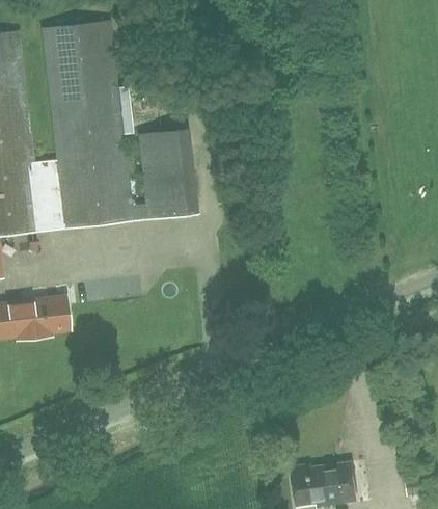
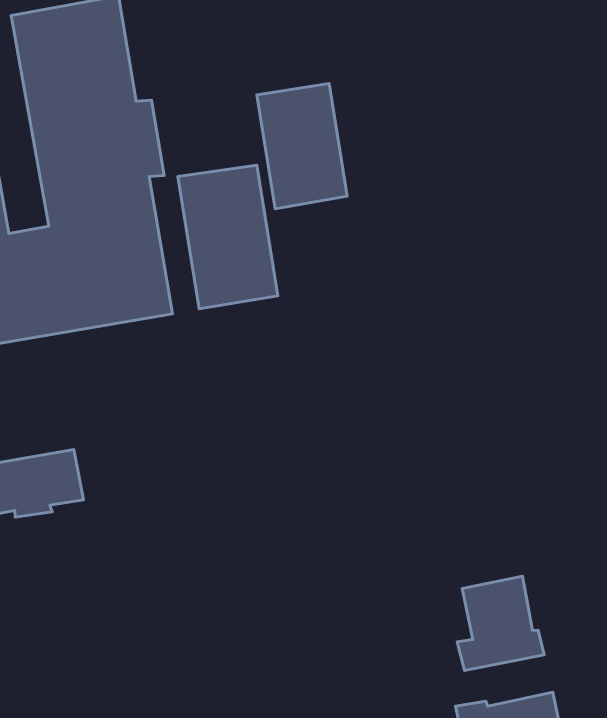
building: none -> [257,83,347,209]
building: none -> [457,576,544,670]

